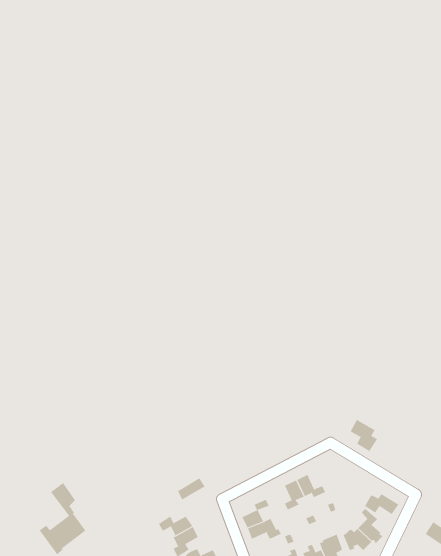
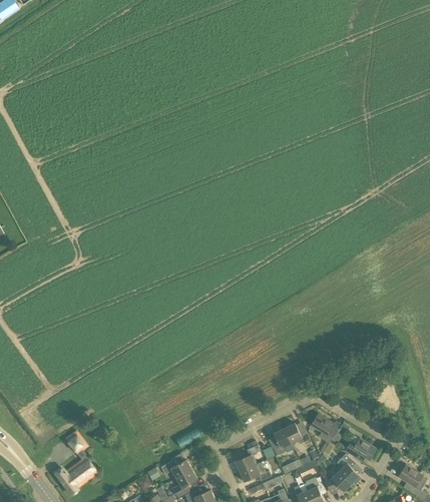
building: [350,419,378,452] -> [311,414,336,443]

